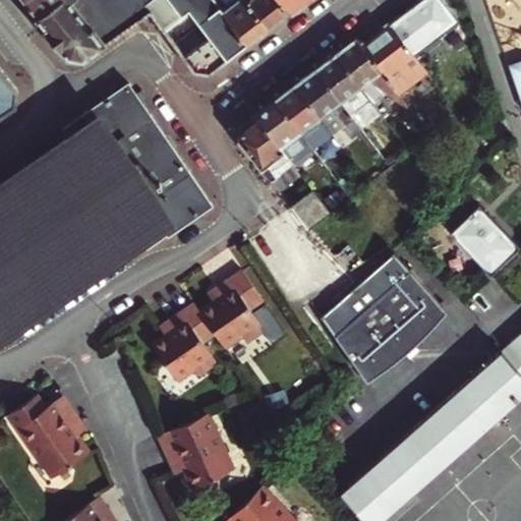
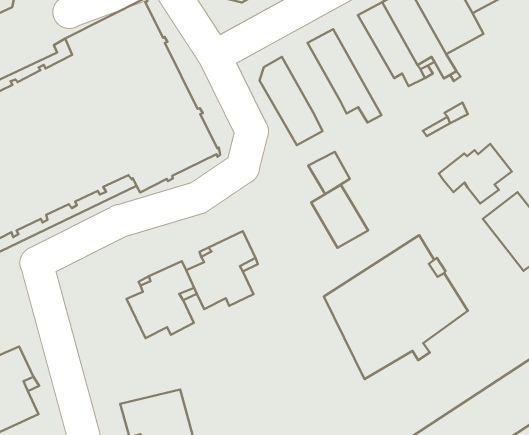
building: [296,70,362,138] -> none
building: [255,101,311,162] -> none
building: none -> [439,144,512,204]
building: none -> [311,185,368,248]

